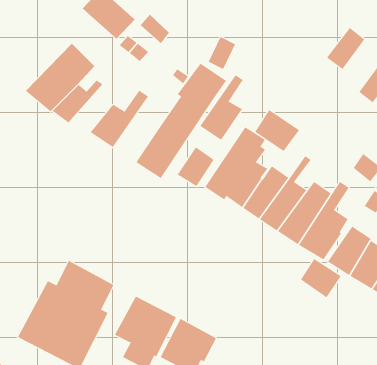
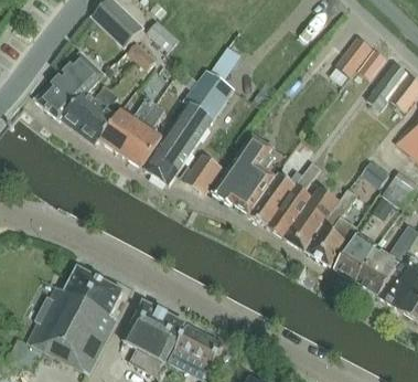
building: [199,75,244,140] -> [121,103,165,168]
building: none -> [77,91,118,142]
building: [254,109,300,152] -> none
building: [300,258,341,298] -> none

